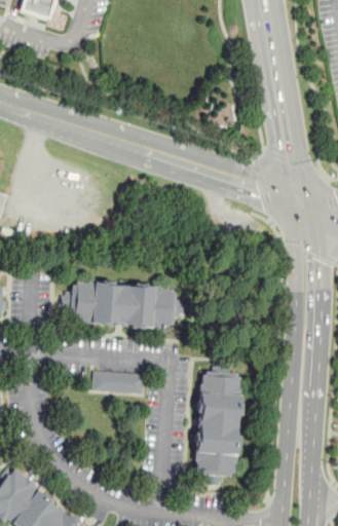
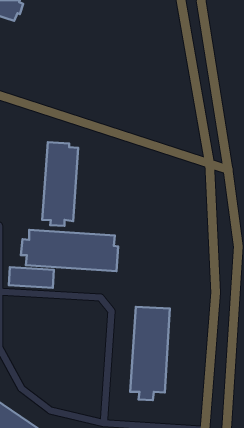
building: none -> [42,142,78,226]
building: [92,370,147,394] -> [9,267,54,288]

